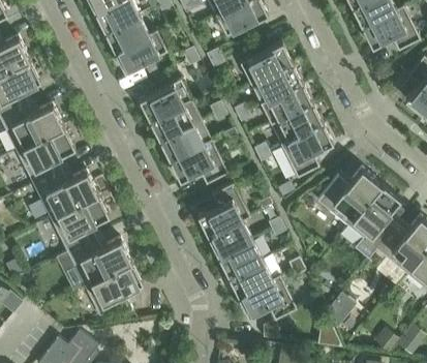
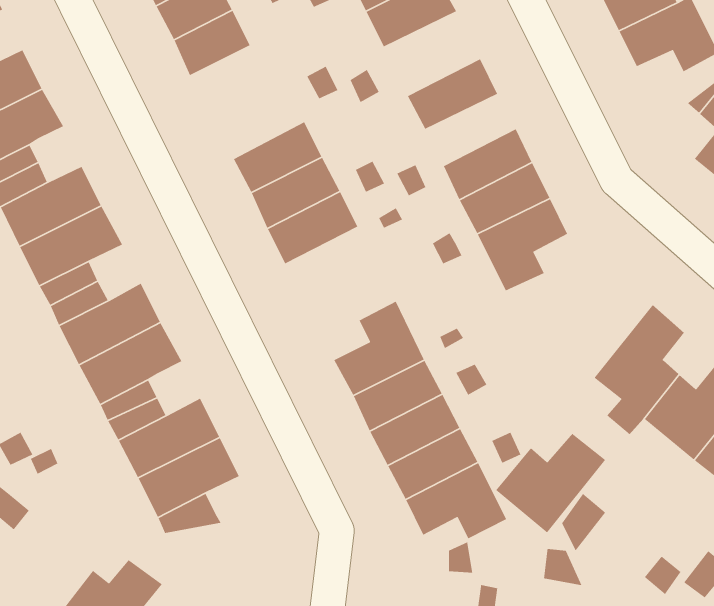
building: [115,31,167,72] -> none
building: [250,63,303,104] -> none
building: [170,140,228,184] -> none
building: [317,169,382,226] -> [495,433,606,533]

